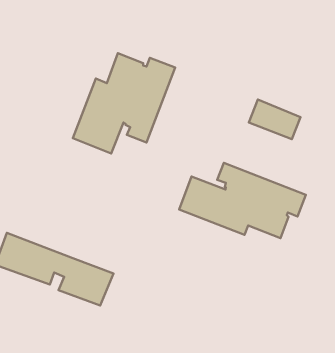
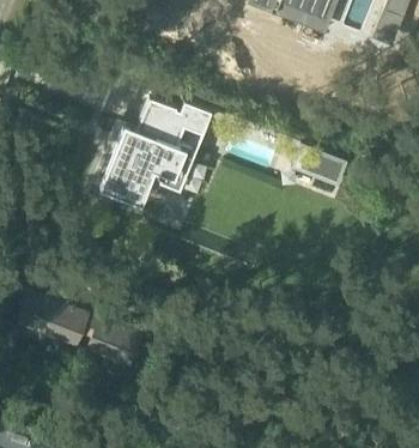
building: [179,163,306,238] -> none

